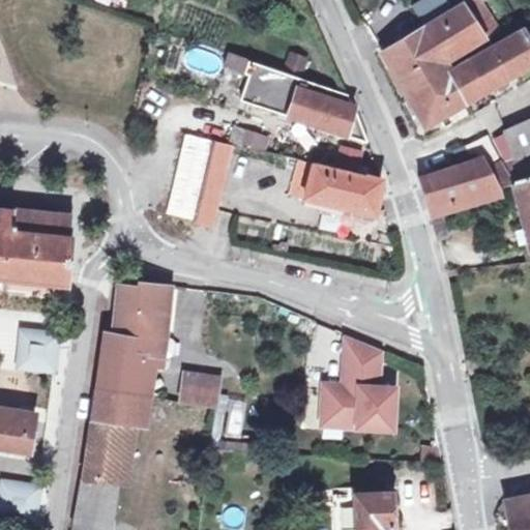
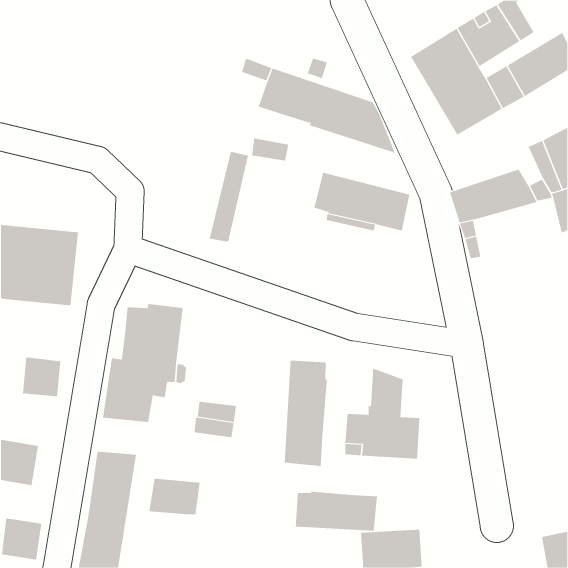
building: [167,135,212,219] -> none
building: none -> [284,360,327,467]
building: [90,389,139,423] -> [148,478,201,515]
building: none -> [295,491,378,532]

